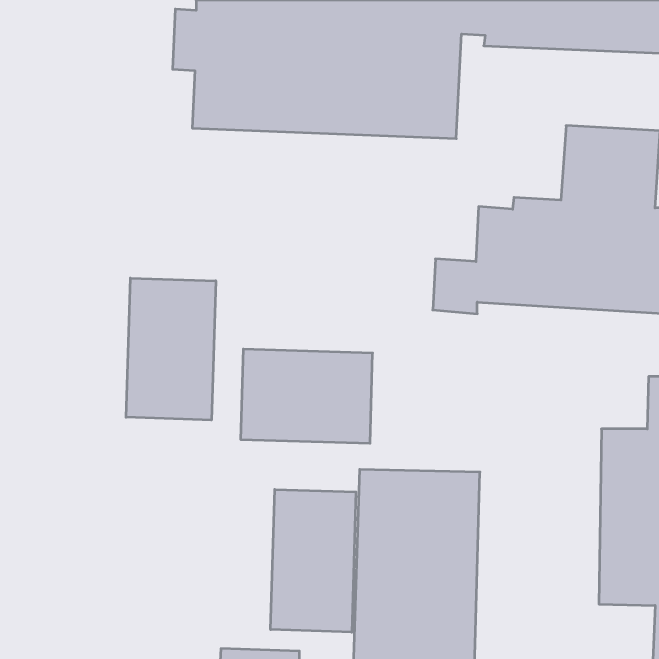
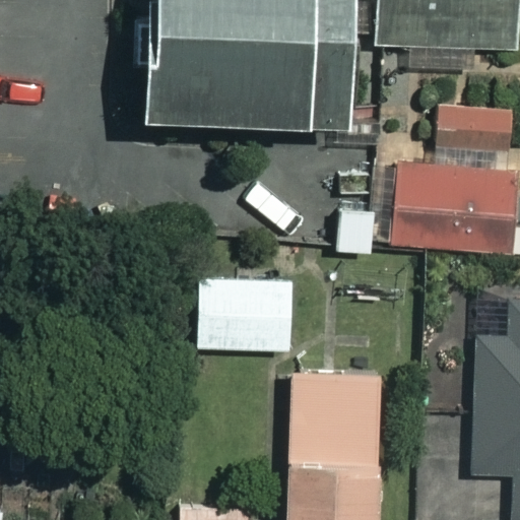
building: [126,278,216,420] -> none
building: [271,489,356,632] -> none

